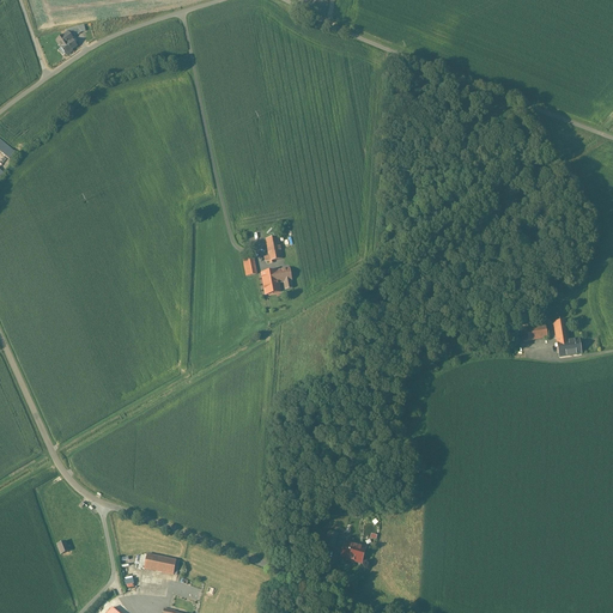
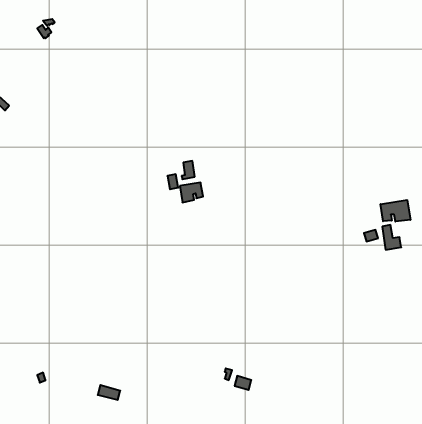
building: none -> [381,200,410,222]

